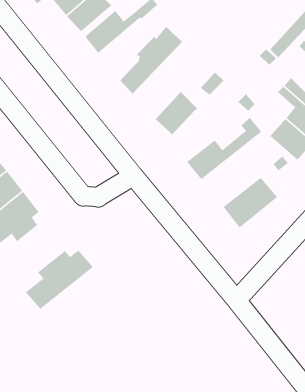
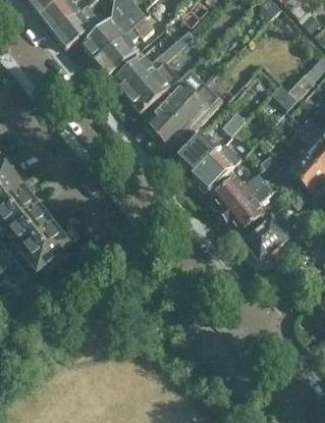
building: none -> [126,60,180,110]
building: none -> [159,83,225,146]
building: none -> [193,142,241,191]
building: none -> [224,168,289,232]
building: [25,250,94,310] -> none

